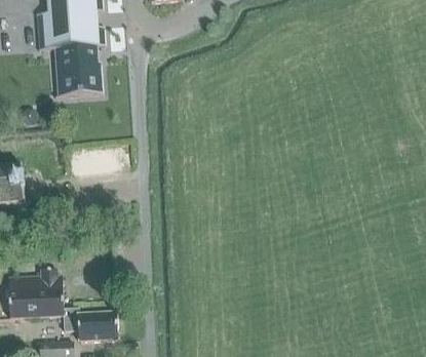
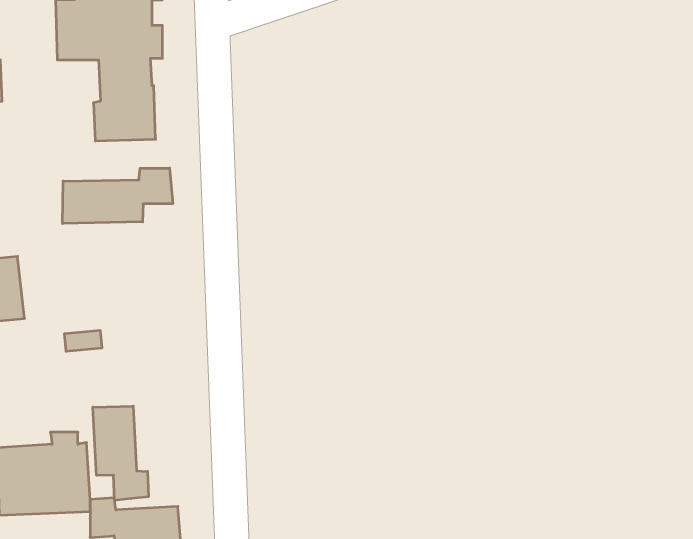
building: none -> [63,168,173,224]
building: none -> [93,406,148,501]

